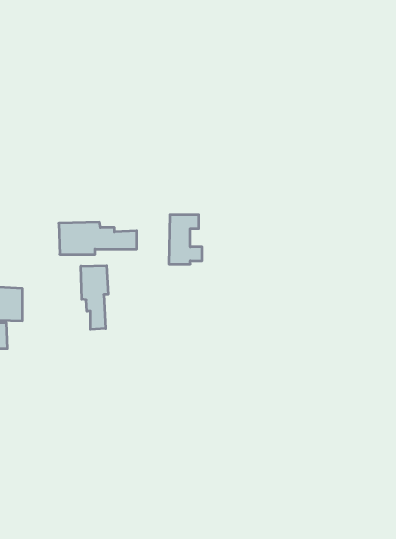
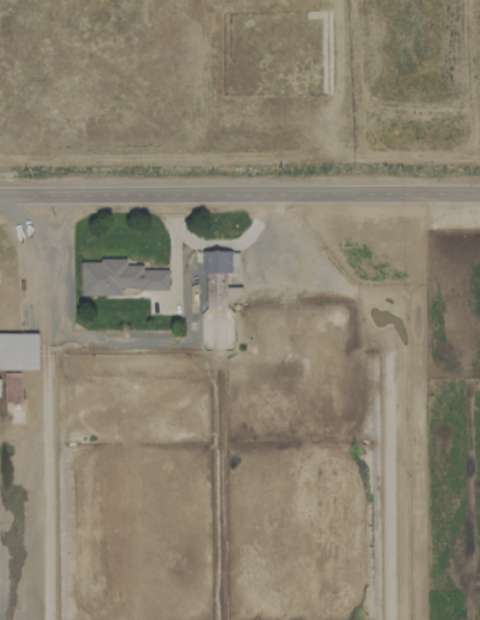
building: [81,266,108,329] -> none

